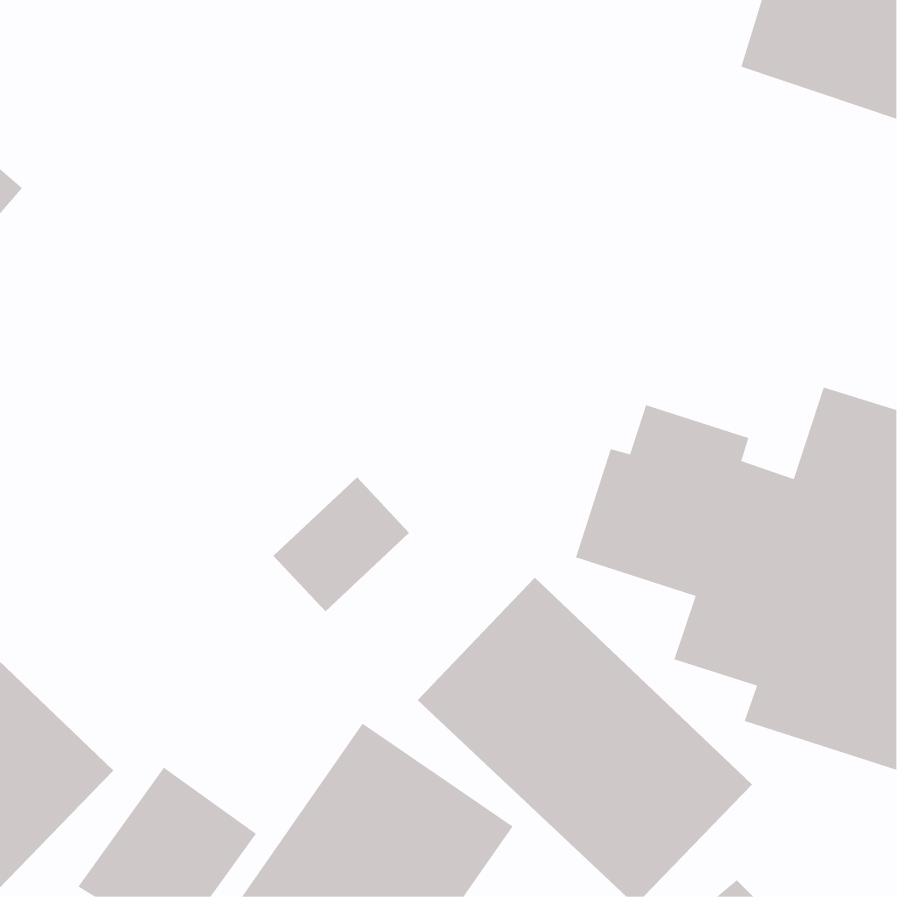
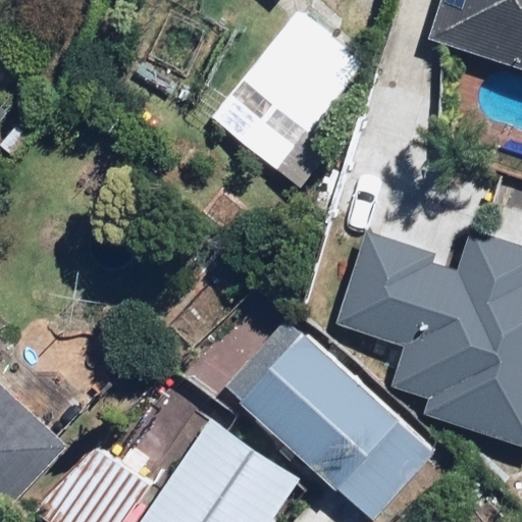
building: none -> [203,15,358,192]

